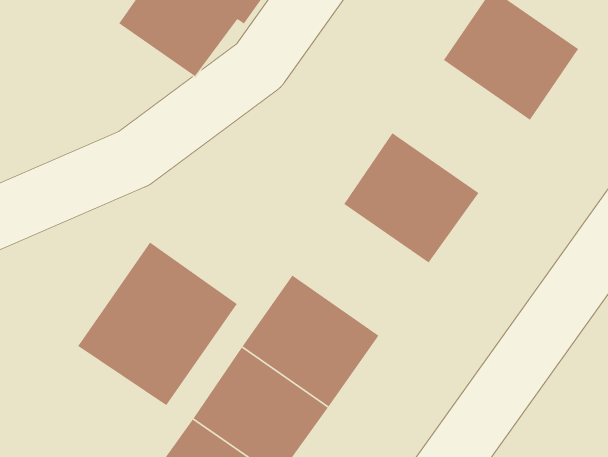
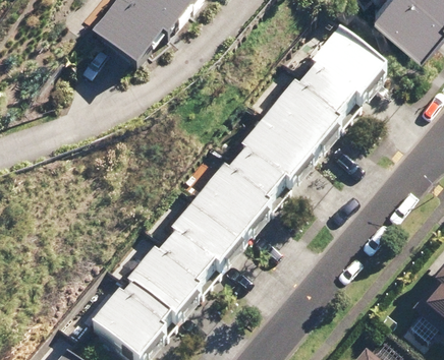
building: none -> [265,73,352,159]
building: none -> [195,159,281,243]
building: [77,241,238,406] -> none

